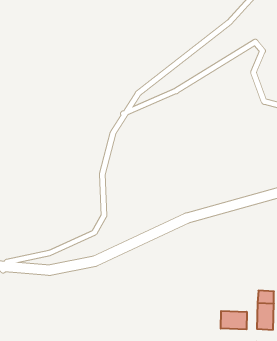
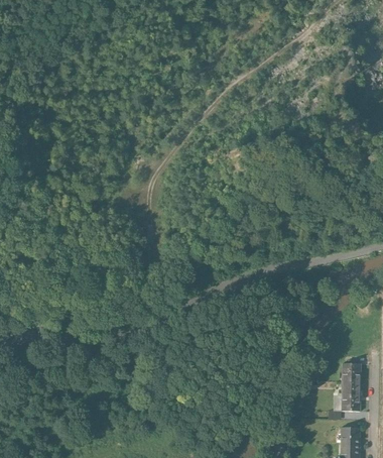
building: [221,311,247,329] -> none

